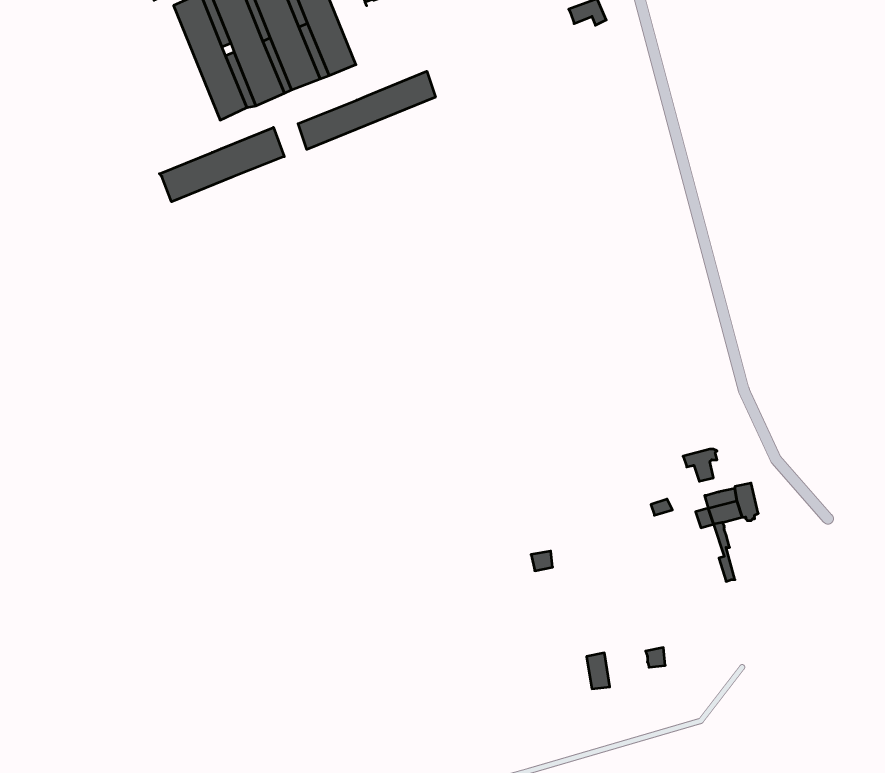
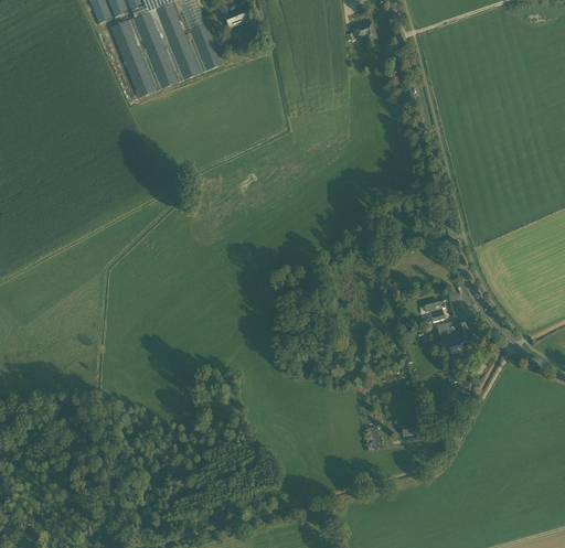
building: [298,71,435,149] -> none
building: [159,127,284,202] -> none

